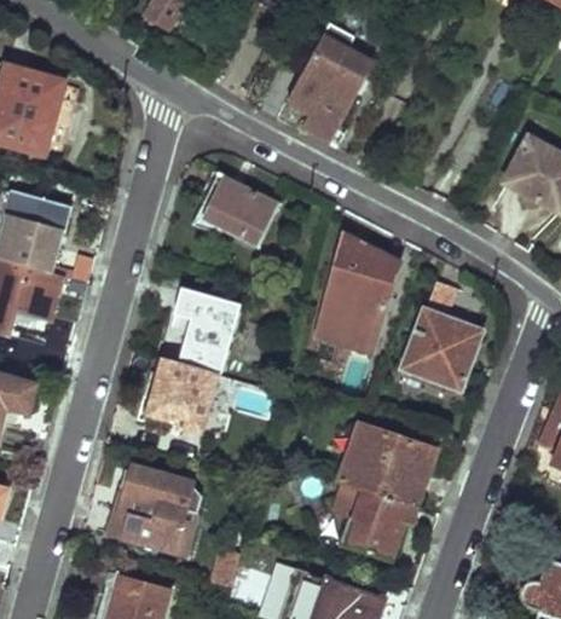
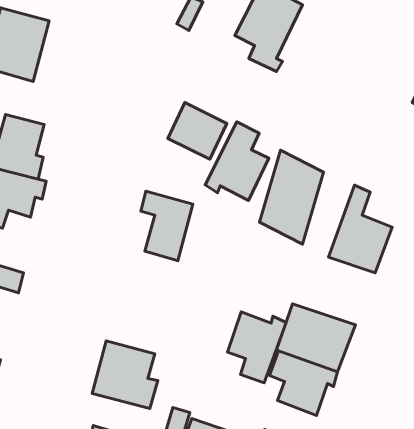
building: none -> [205,122,269,201]
building: [148,355,216,432] -> none
building: none -> [227,312,286,383]

